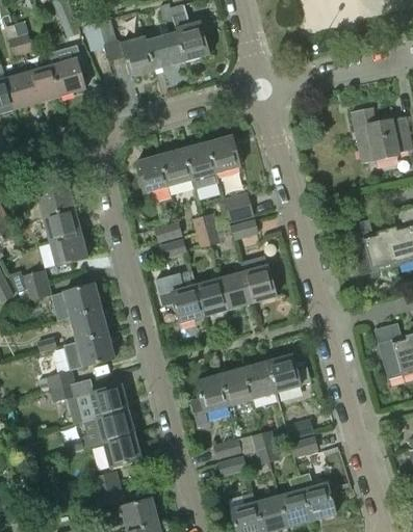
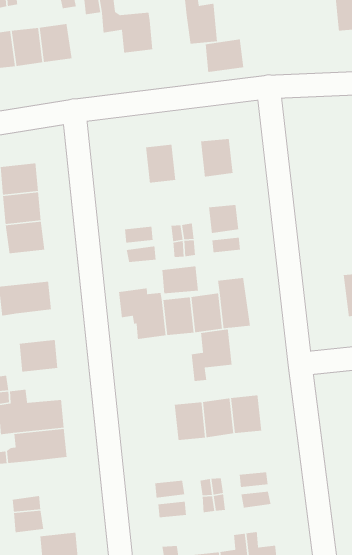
building: [148,35,185,70] -> [205,38,244,73]
building: [183,142,218,189] -> none
building: [135,155,169,192] -> none
building: none -> [161,266,199,294]
building: [71,309,108,342] -> none
building: [190,374,228,425] -> [191,328,232,382]
building: [104,434,141,468] -> none

